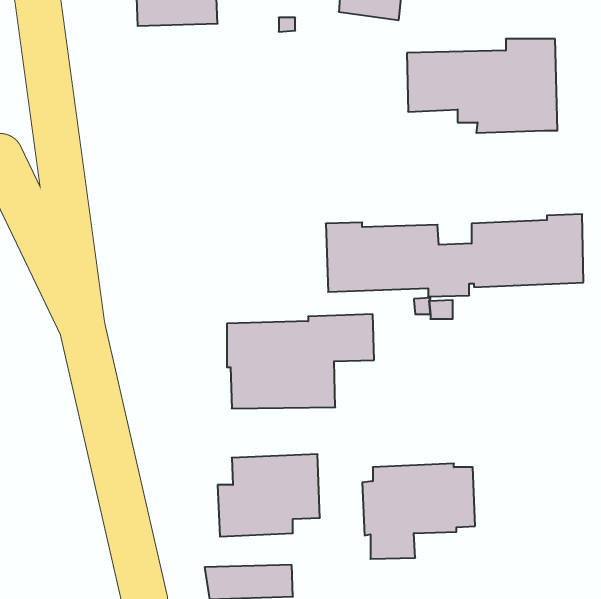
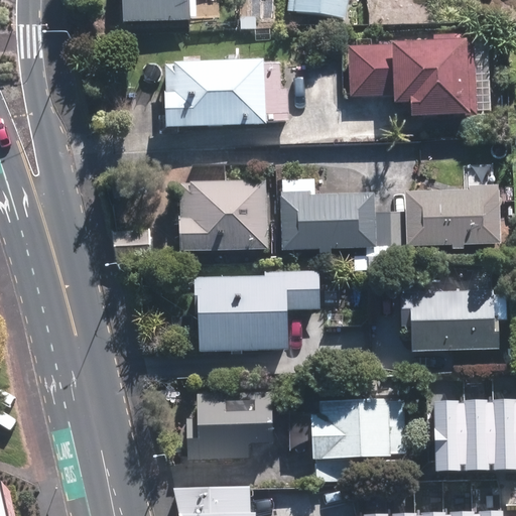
building: none -> [163,58,289,127]
building: none -> [178,180,268,250]
building: none -> [400,289,500,367]
building: none -> [434,399,509,469]

